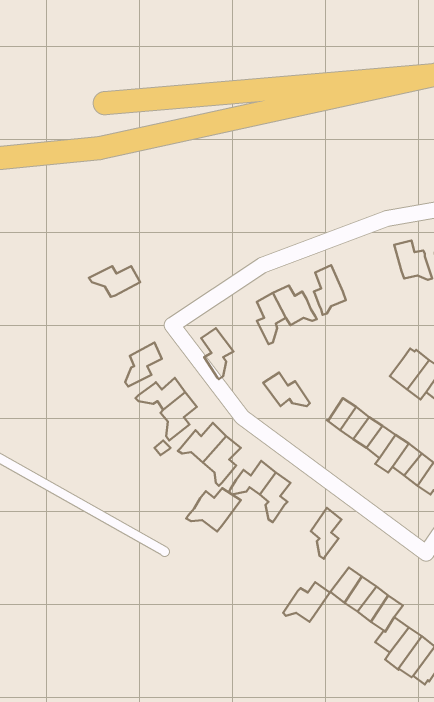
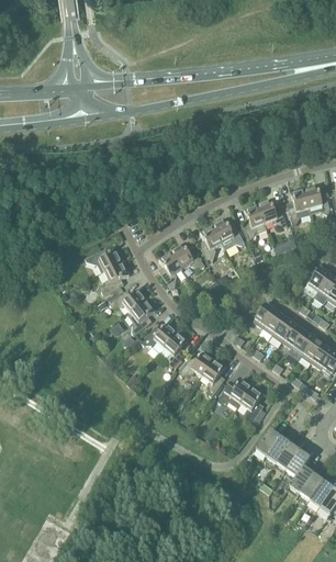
building: none -> [288,188,312,224]
building: none -> [257,199,289,227]
building: [89,266,140,297] -> [86,249,124,272]
building: [263,373,310,406] -> [170,243,205,268]
building: [186,488,241,532] -> none
building: [283,582,330,622] -> [219,378,254,407]

